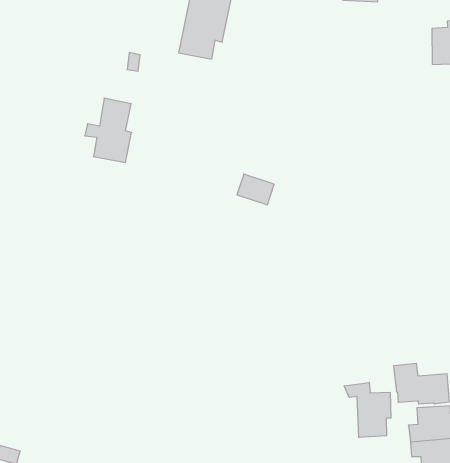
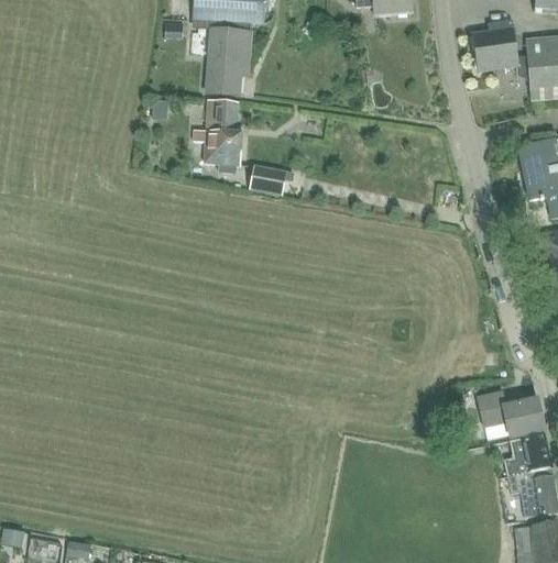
building: [85,98,132,163] -> [193,99,242,165]
building: [237,174,274,205] -> [249,166,287,196]
building: [344,382,391,438] -> none

